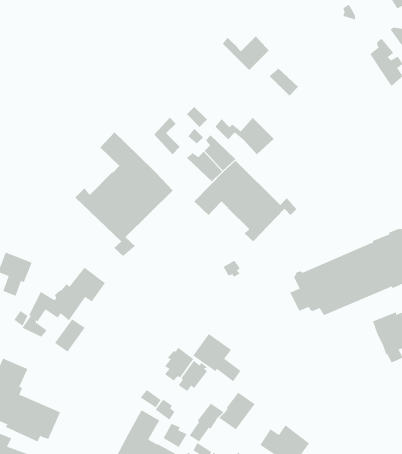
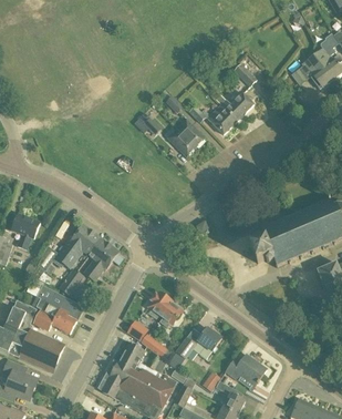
building: [222,35,270,71] -> [215,92,253,121]
building: none -> [290,52,332,88]
building: [75,132,174,257] -> none
building: [193,160,297,242] -> none
building: none -> [83,238,118,280]
building: none -> [25,276,83,334]
building: [193,333,241,382] -> none

